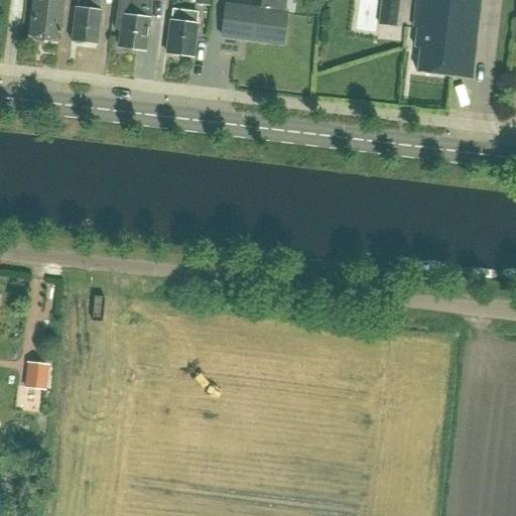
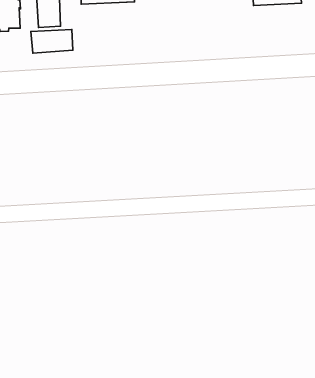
building: none -> [31,29,73,53]

